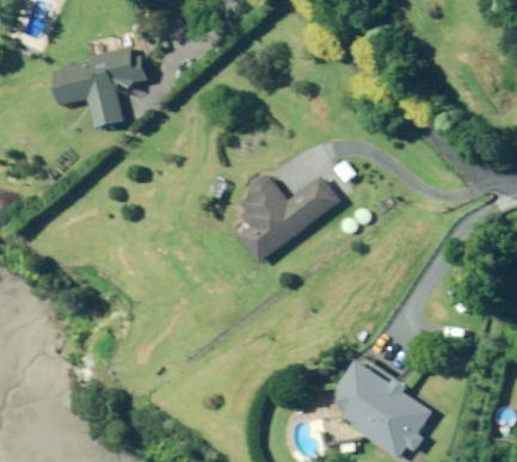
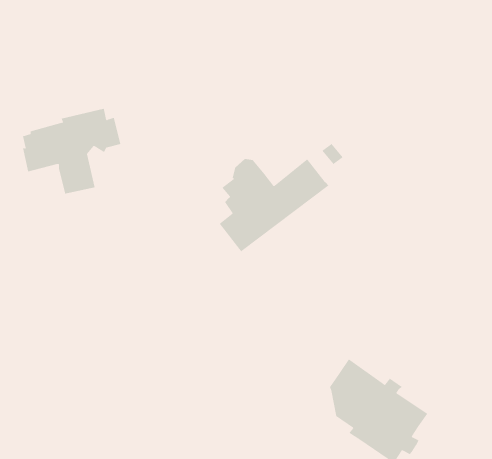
building: [55,47,147,127] -> [22,108,121,194]

